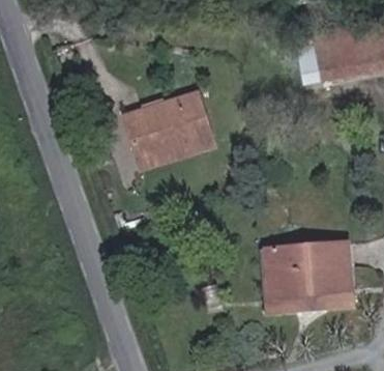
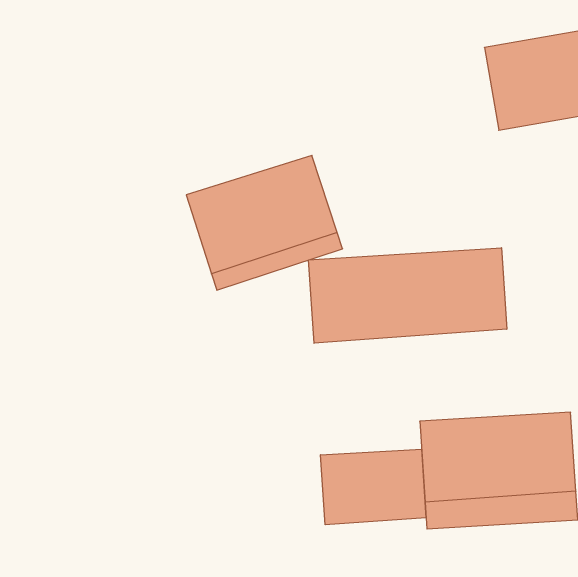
building: none -> [309,248,507,343]
building: none -> [321,449,426,525]

